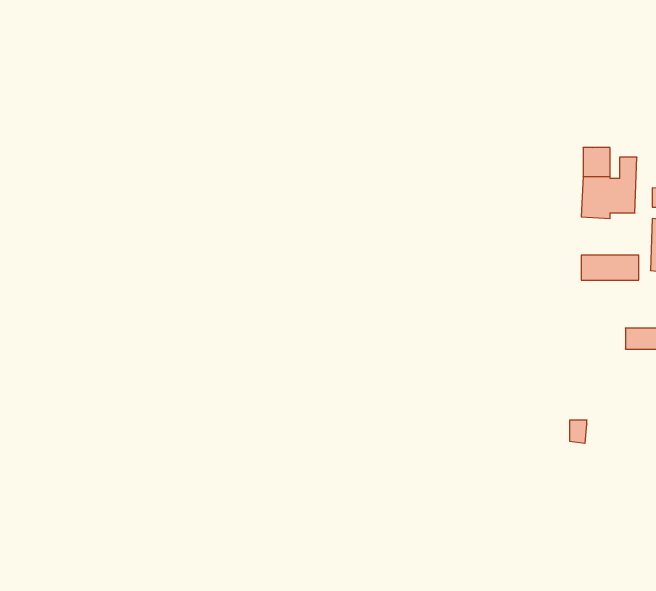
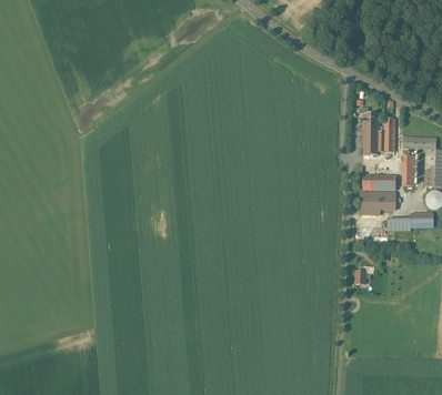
building: none -> [361,191,395,214]

